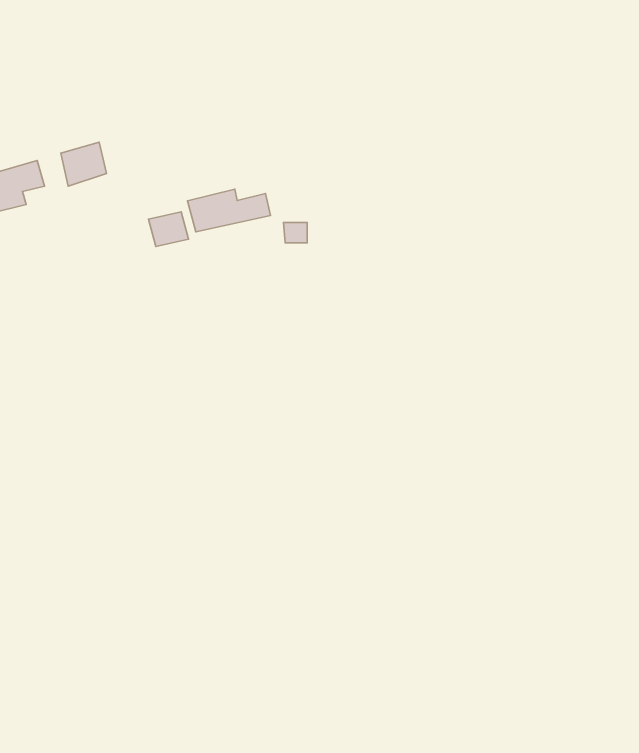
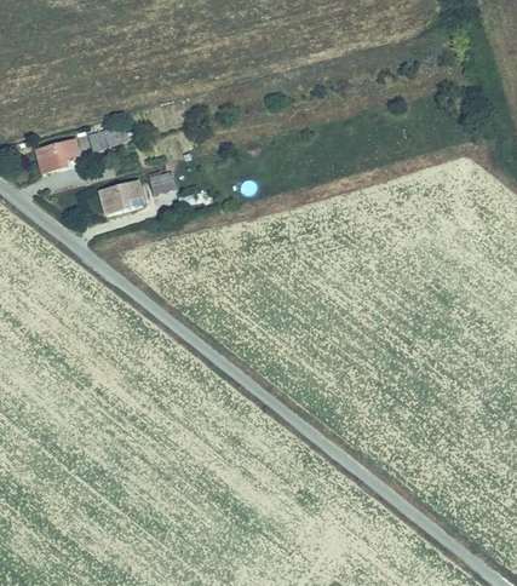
building: [187,189,270,232] -> none
building: none -> [99,178,140,213]

